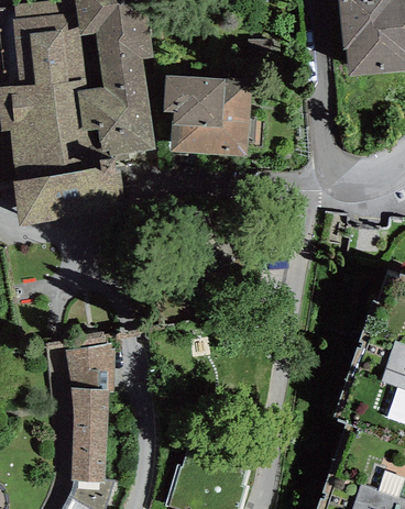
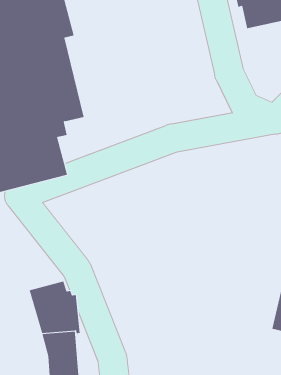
building: [162,75,250,156] -> none

